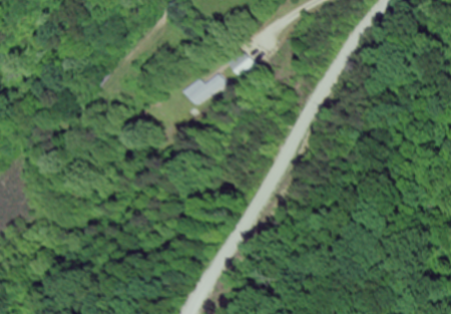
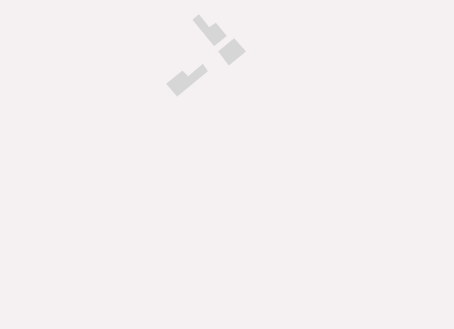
building: none -> [192,13,228,47]

